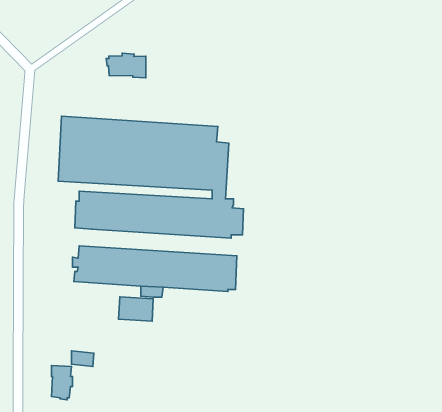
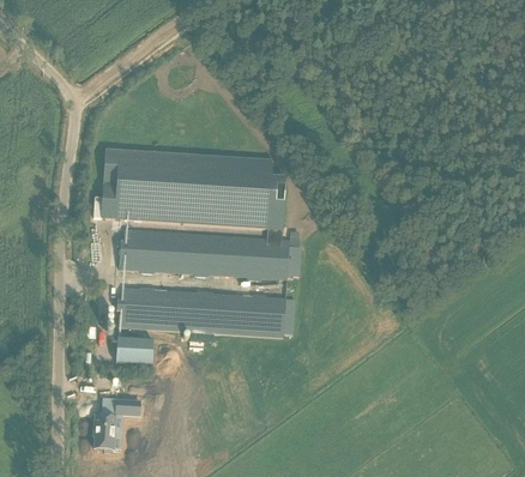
building: [106,53,146,78] -> none
building: [119,297,153,321] -> [116,337,153,363]

